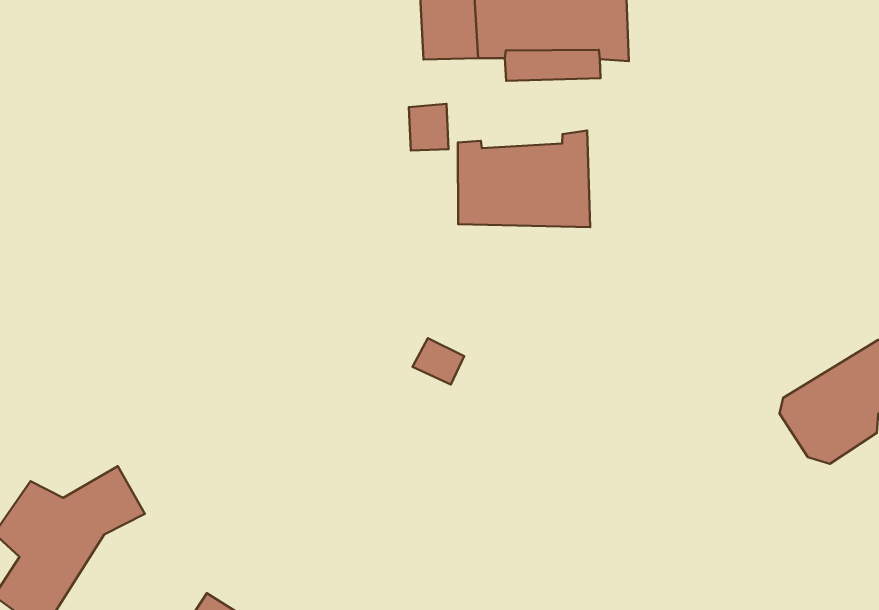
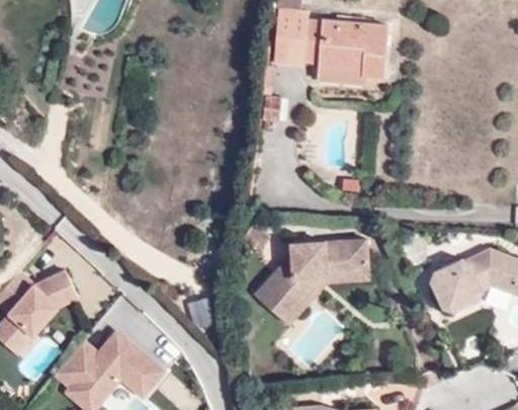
building: [458,131,590,227] -> none
building: none -> [259,236,374,324]

